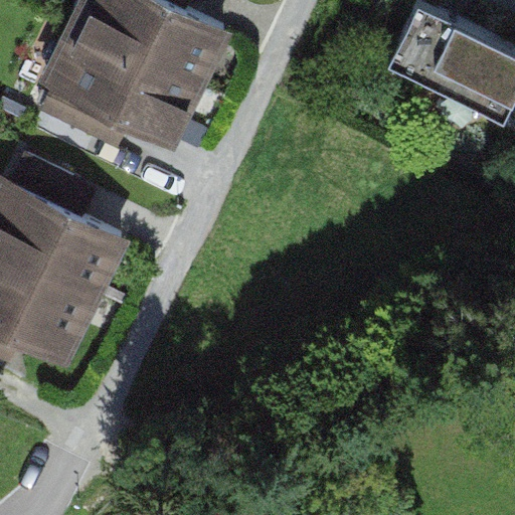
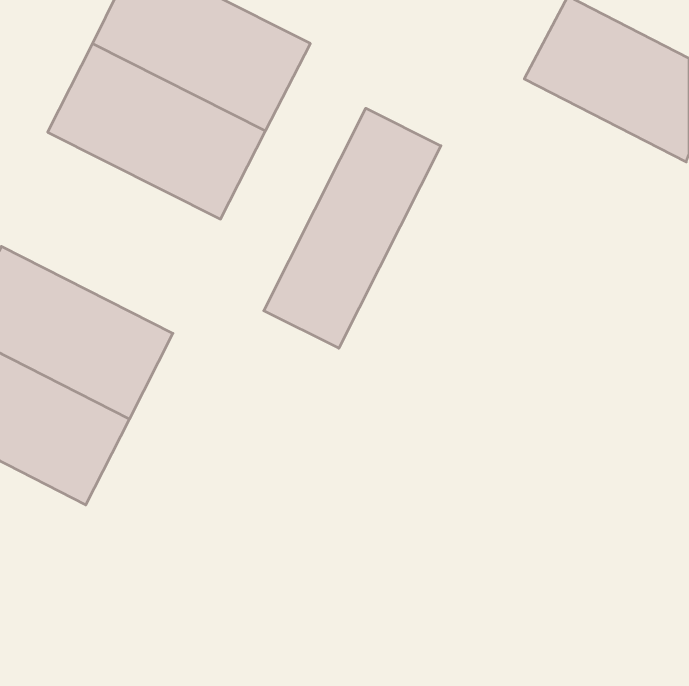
building: none -> [264,108,441,348]

